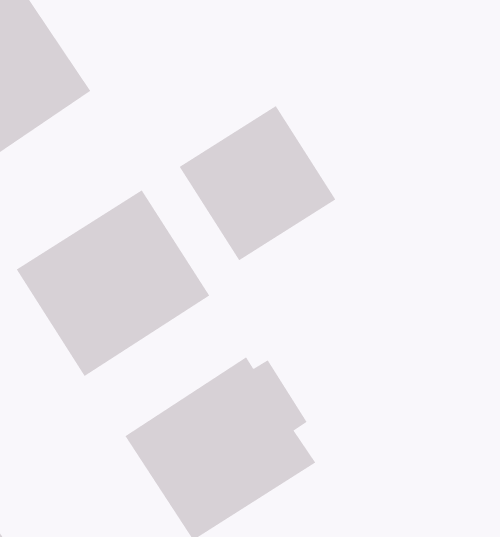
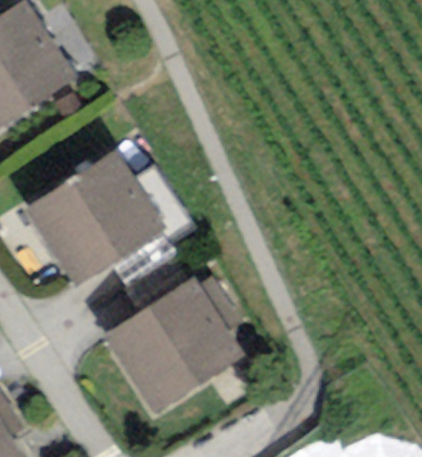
building: [179,105,336,261] -> none

